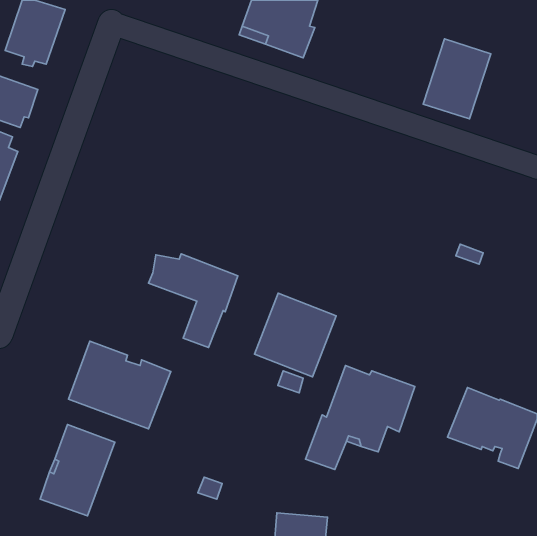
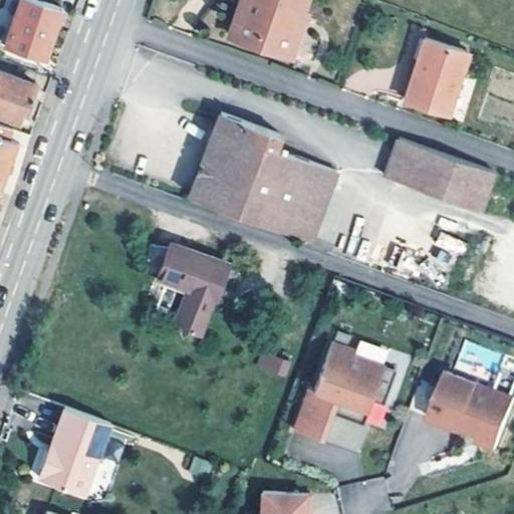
building: none -> [189,112,335,242]
building: none -> [384,139,493,210]
building: [254,293,336,377] -> none
building: [69,341,171,429] -> none

